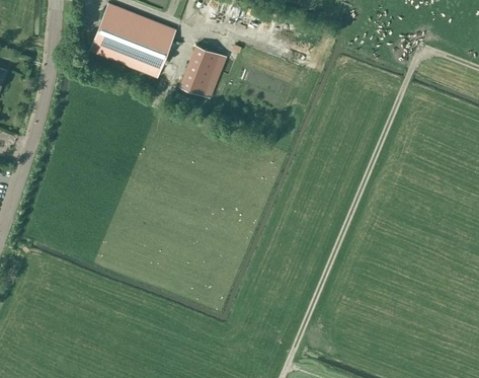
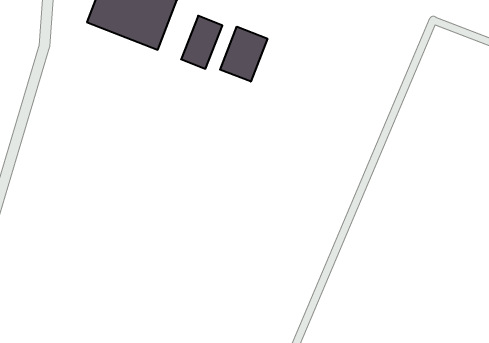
building: none -> [220,27,267,82]

